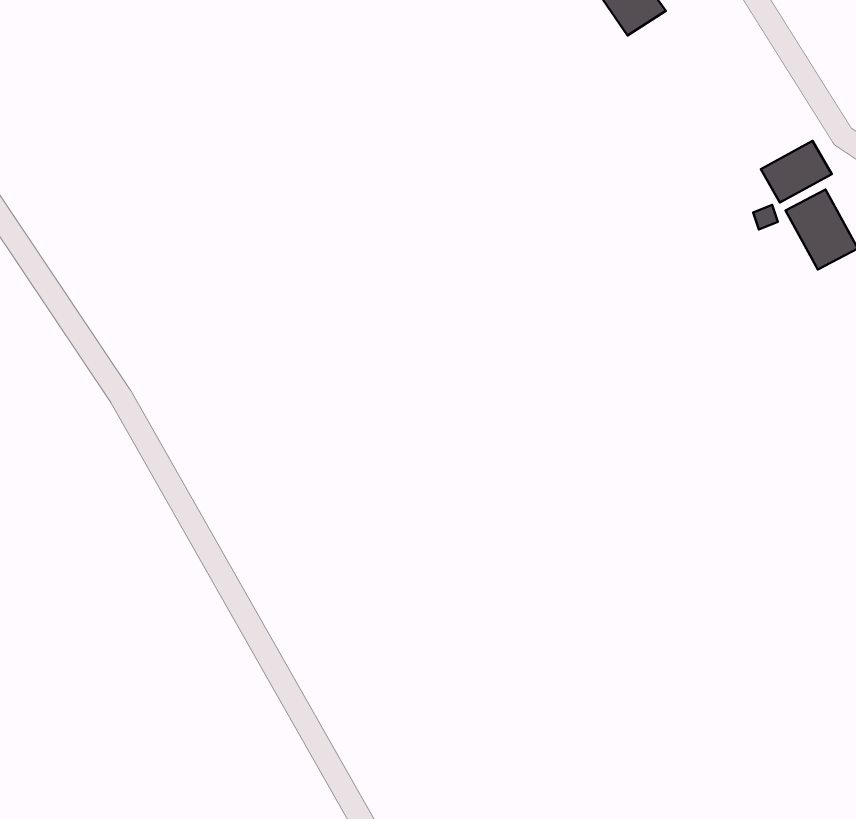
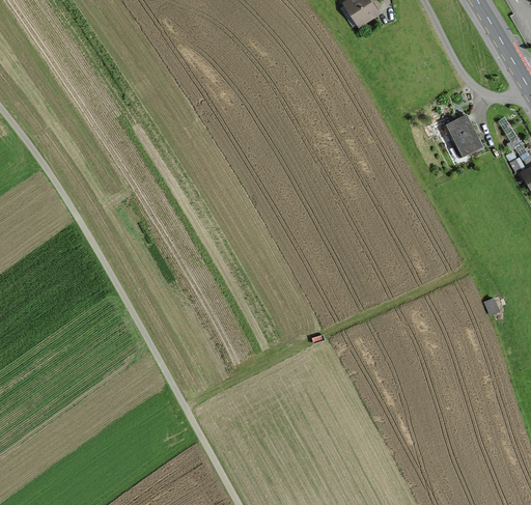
building: [761,141,832,202] -> none

